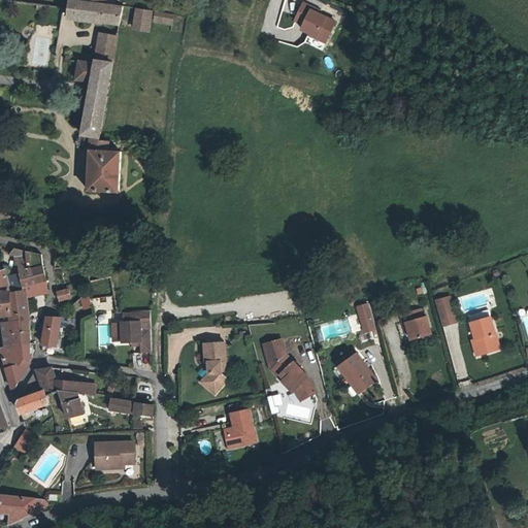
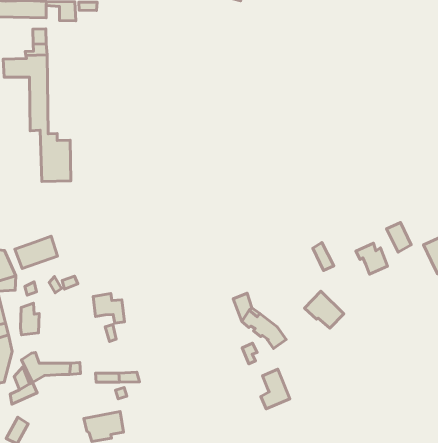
building: none -> [15,236,57,269]
building: [199,342,224,391] -> none
building: [59,390,81,417] -> none
building: [224,410,253,449] -> [261,369,290,409]

